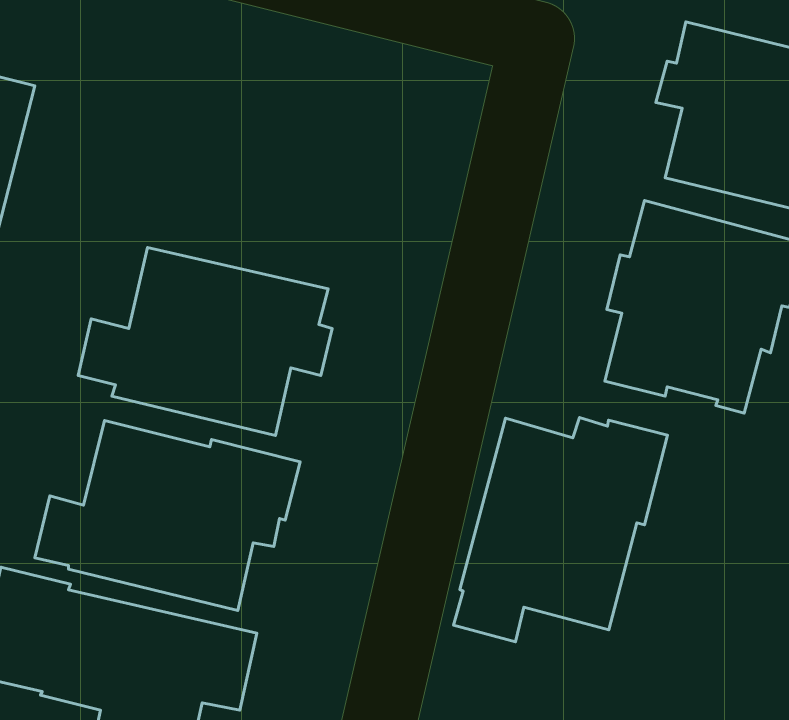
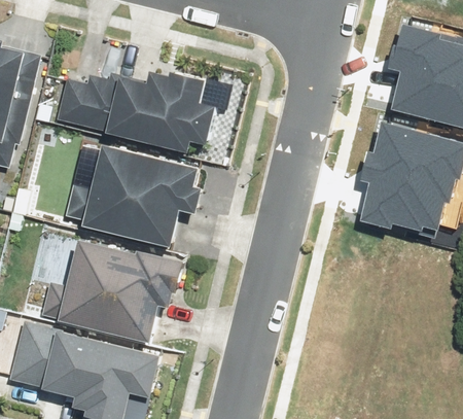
building: none -> [56,72,217,153]
building: [453,417,667,642] -> none

